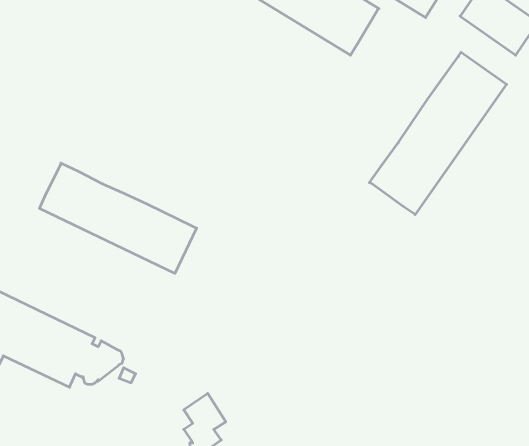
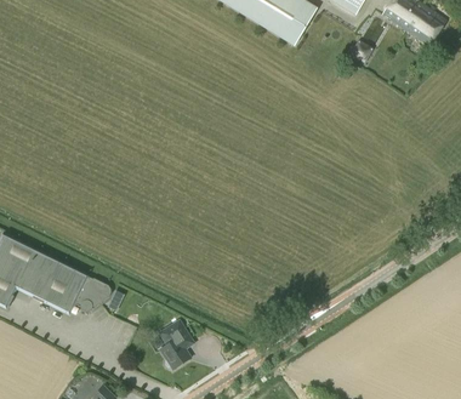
building: [369,52,507,215] -> none
building: [39,163,197,273] -> none

